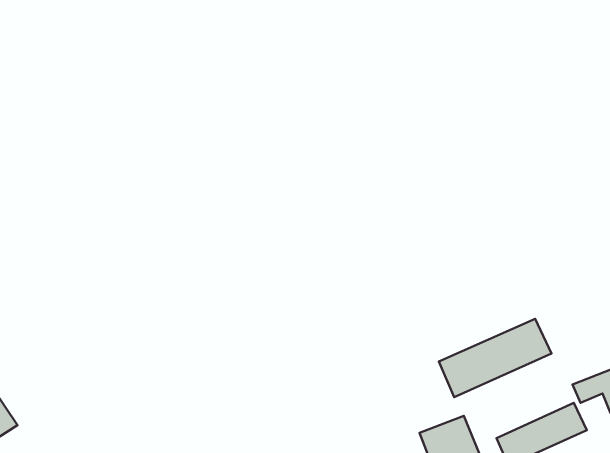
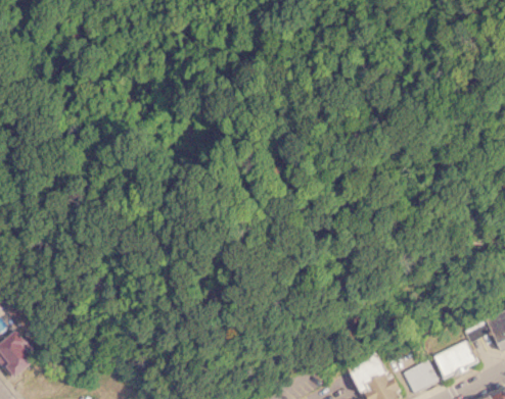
building: [439,319,551,397] -> none

